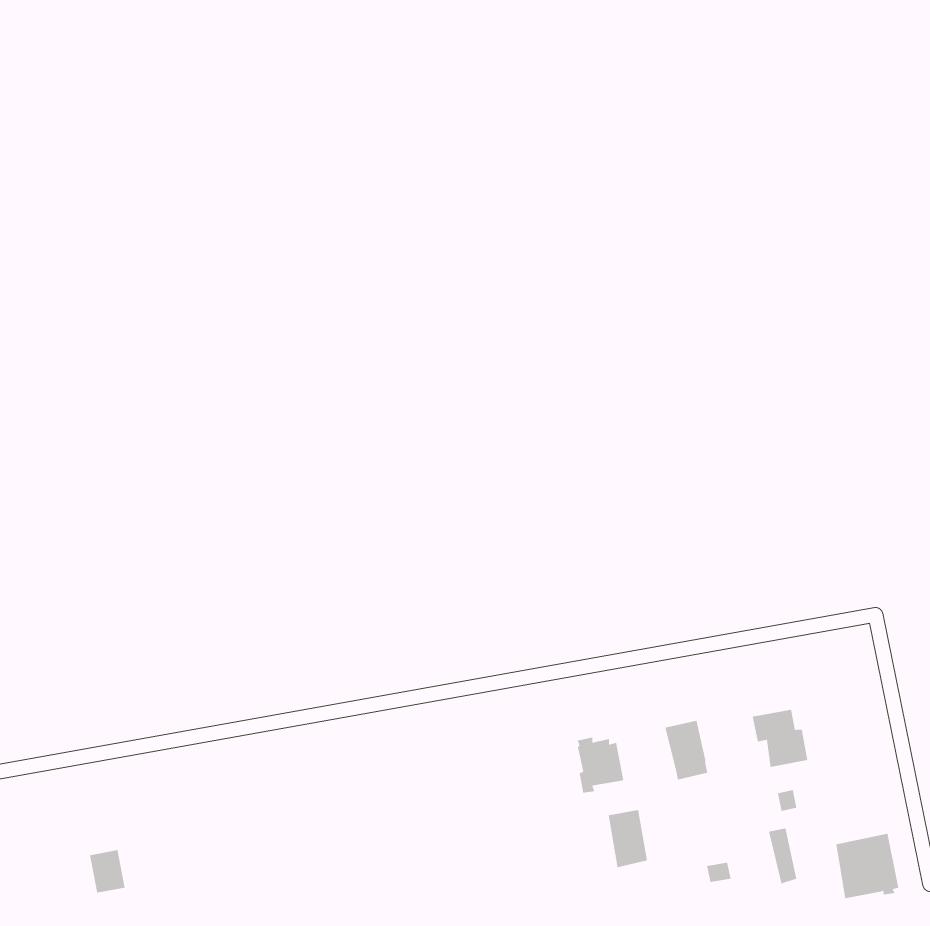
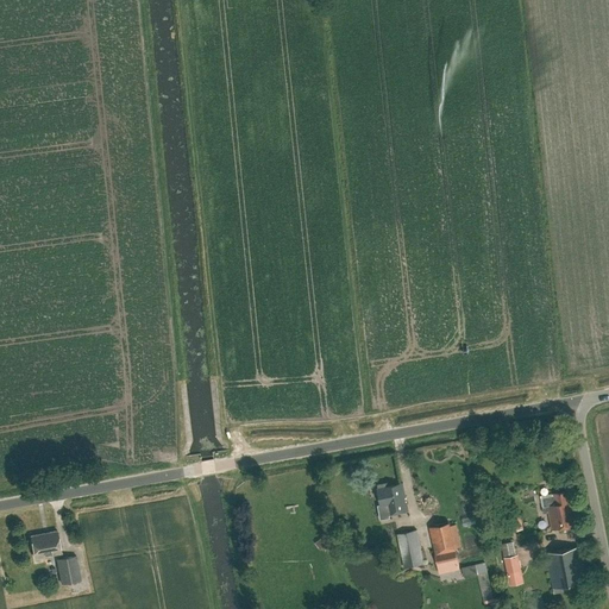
building: [752,709,808,767] -> [540,494,577,532]
building: [664,720,708,780] -> [428,525,457,564]
building: none -> [31,533,62,560]

